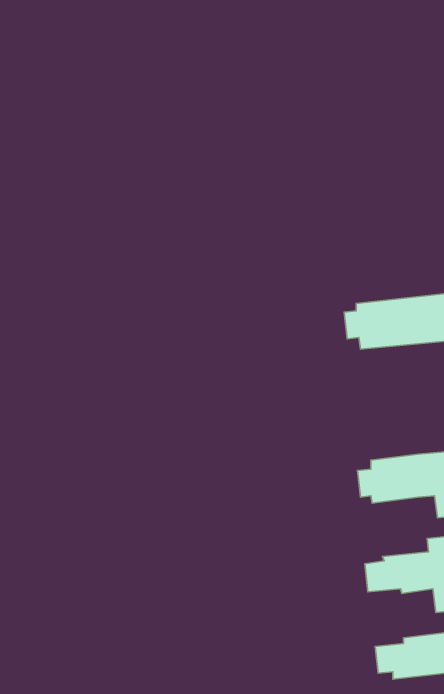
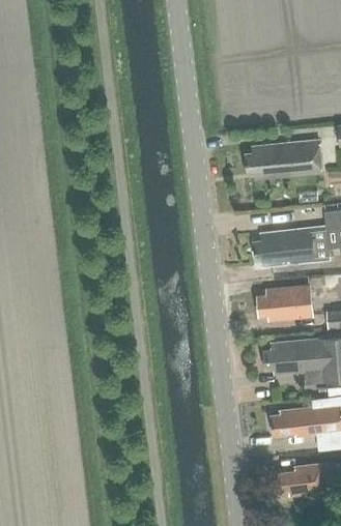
building: none -> [244,139,318,179]
building: none -> [257,287,309,321]

